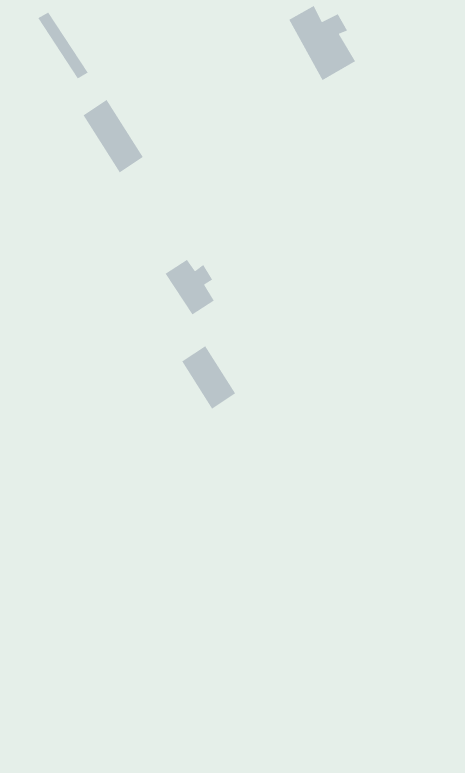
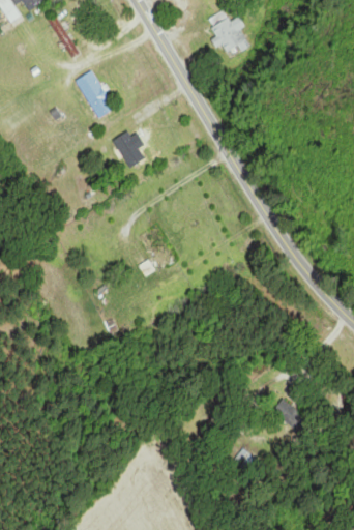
building: [165,259,215,316] -> [113,131,145,168]
building: none -> [272,400,311,435]

